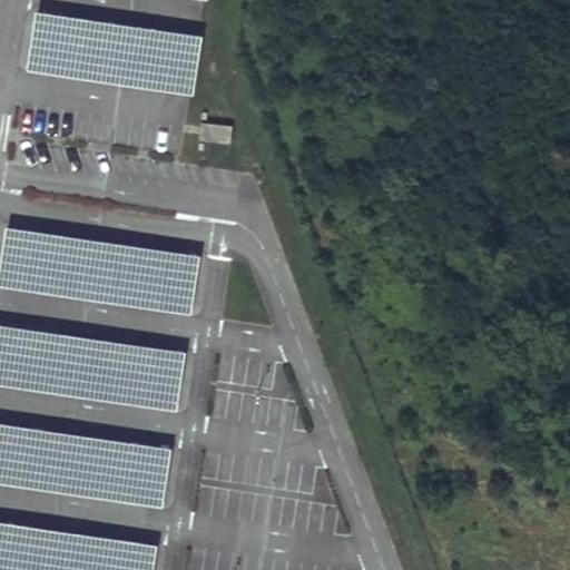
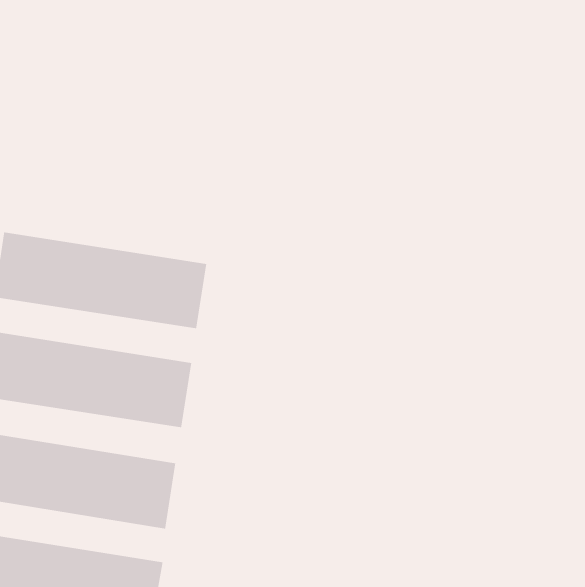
building: [23,9,202,97] -> none

